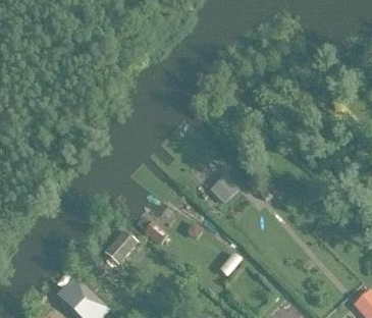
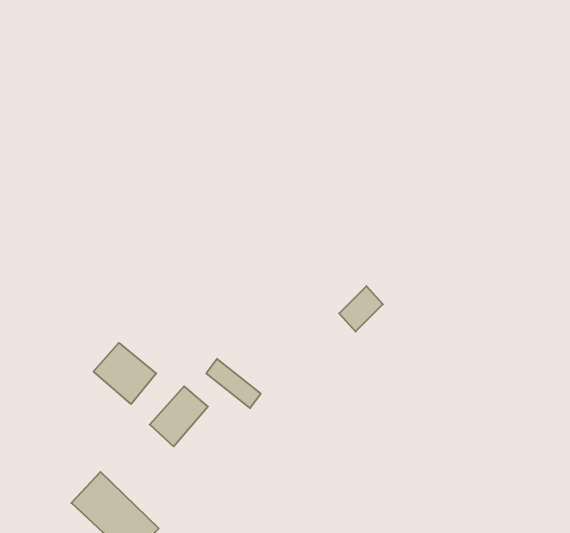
building: none -> [94,343,156,404]

